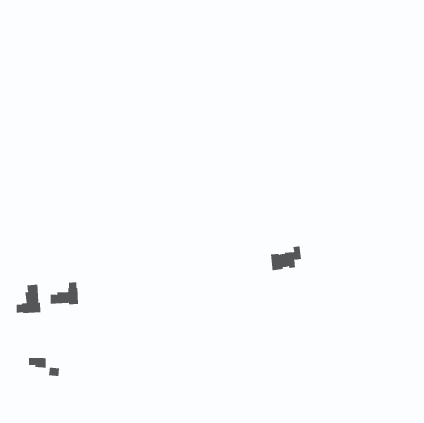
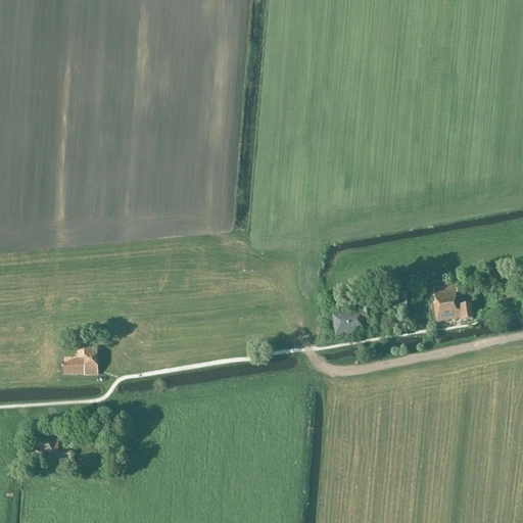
building: none -> [432,284,472,321]
building: [16,284,41,314] -> none

